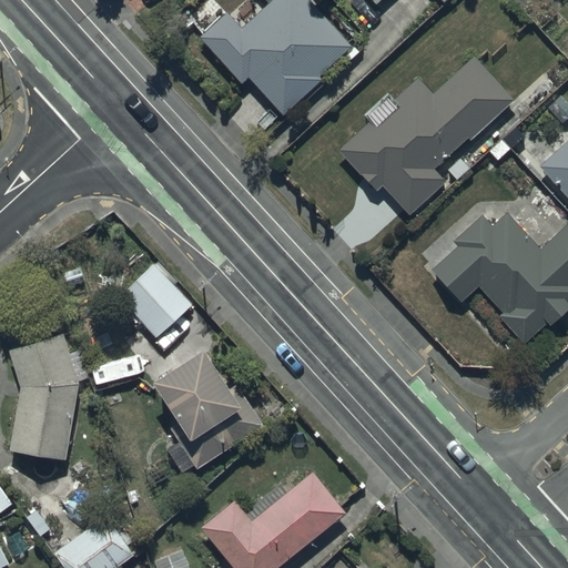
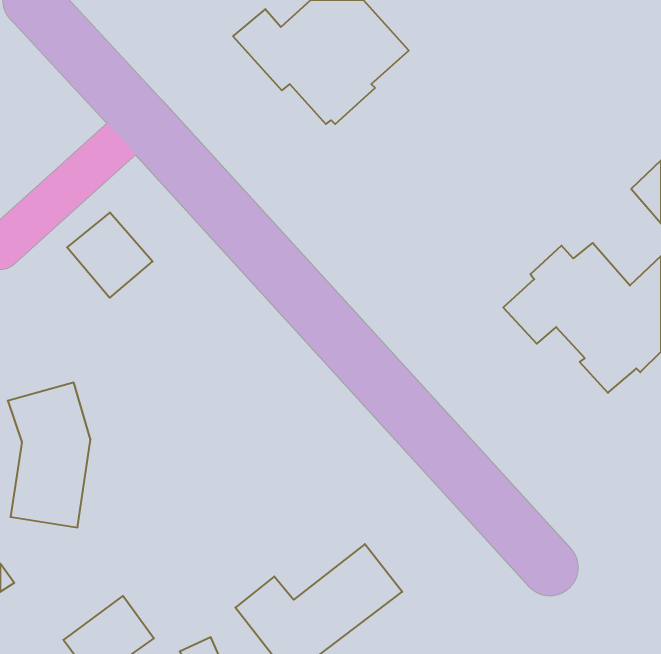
building: [338,59,513,215] -> none
building: [118,265,191,338] -> [67,212,153,298]
building: [152,344,262,469] -> none

